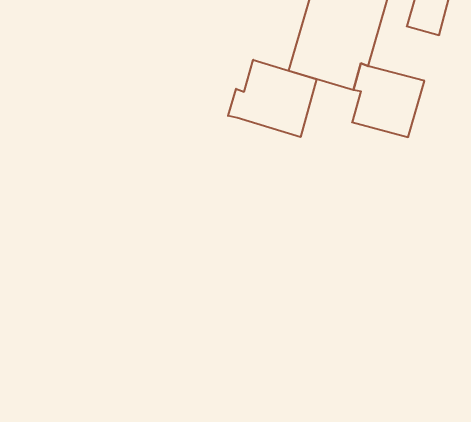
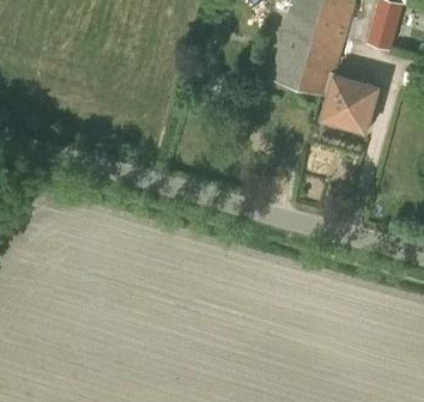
building: [228,60,317,137] -> none

